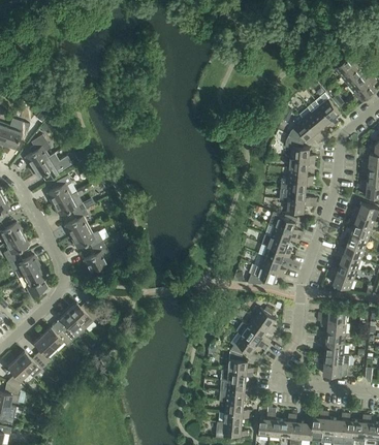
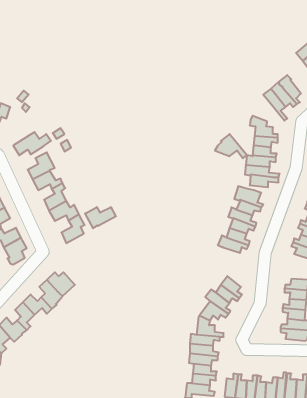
building: [287,119,321,145] -> [215,134,247,158]
building: [24,135,50,168] -> none
building: none -> [85,207,116,228]

